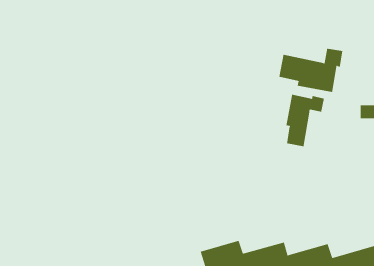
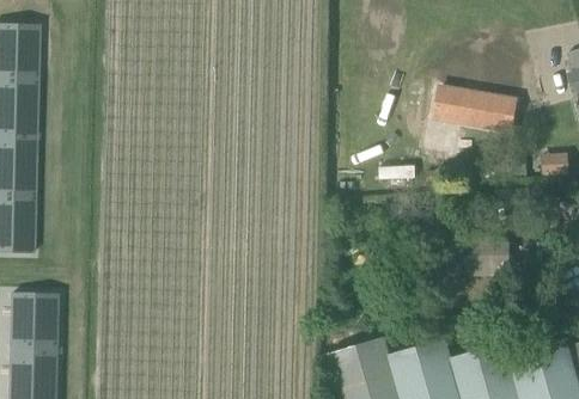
building: [286,94,325,147] -> none

